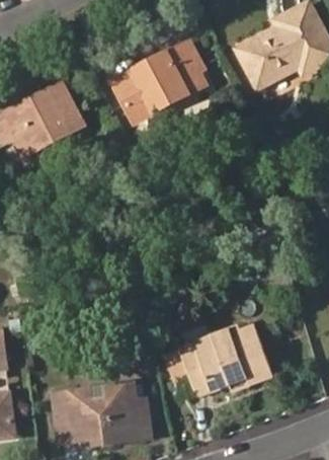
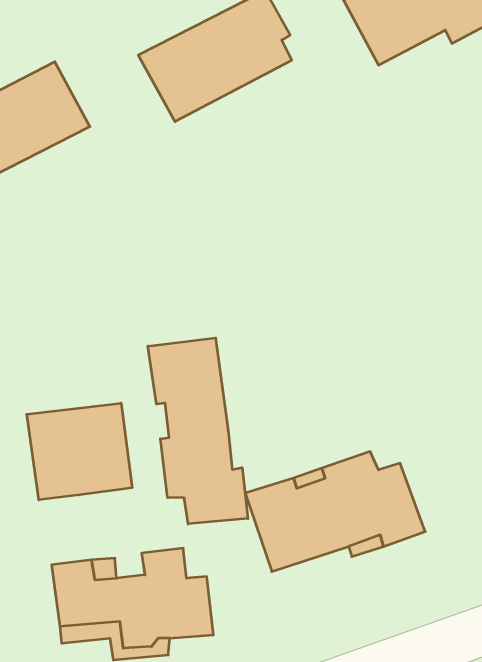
building: none -> [148,338,248,524]
building: none -> [27,403,132,500]

